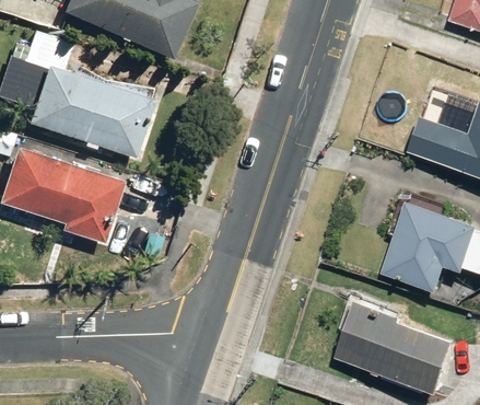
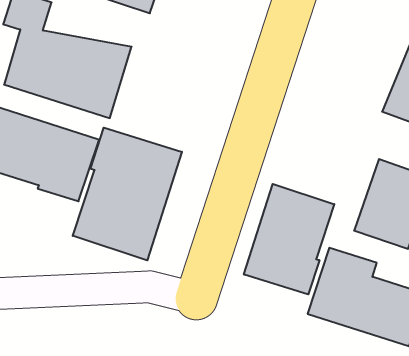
building: none -> [73,128,182,260]
building: none -> [244,184,334,294]

